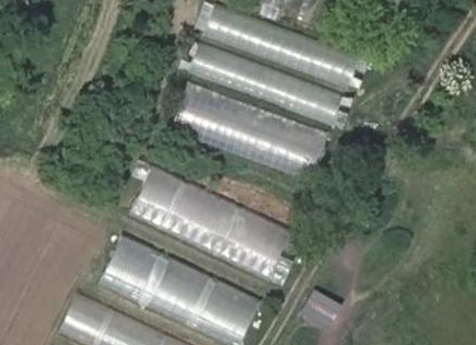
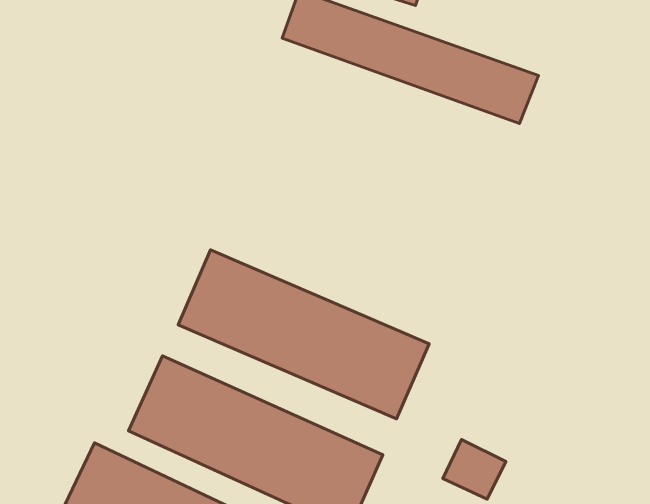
building: [187,44,343,124] -> none
building: [172,83,329,180] -> none

